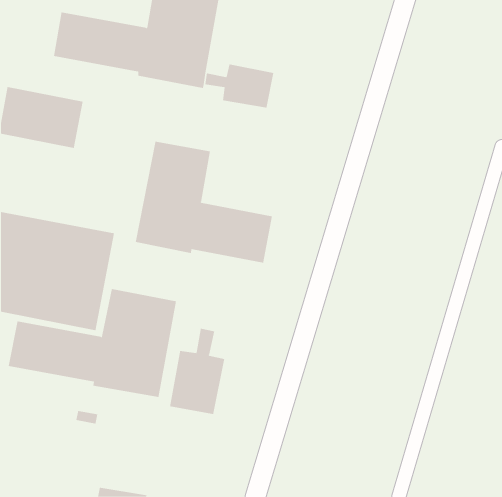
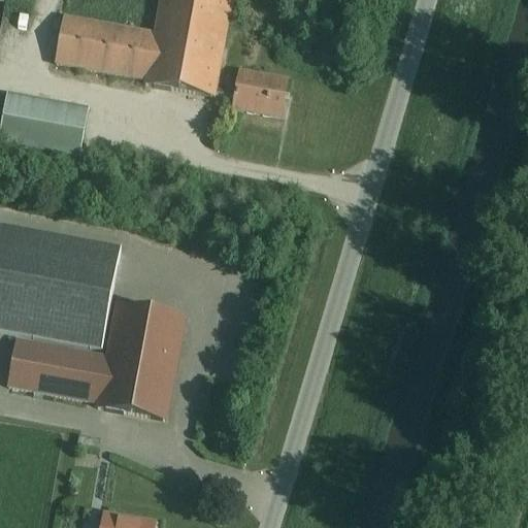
building: [135,141,272,264] -> none
building: [170,328,225,415] -> none

